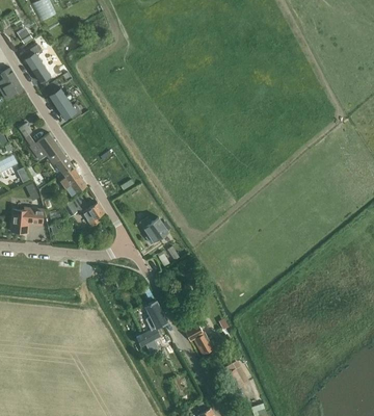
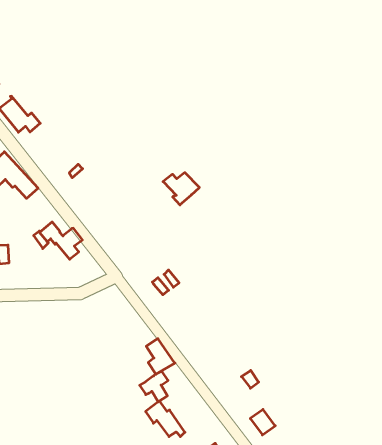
building: [57,166,86,192] -> none
building: [139,218,168,244] -> [163,173,199,205]
building: [185,324,215,356] -> [146,401,185,437]

